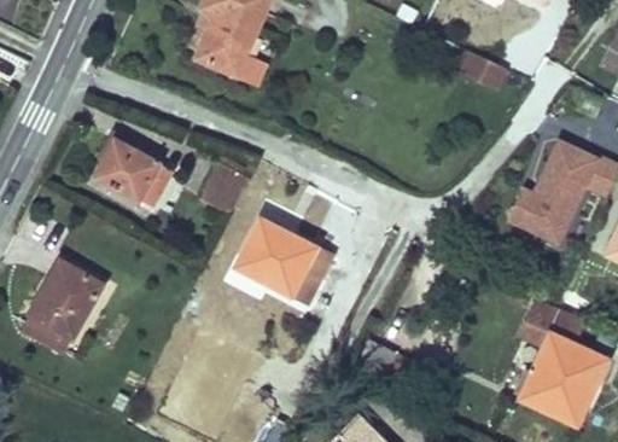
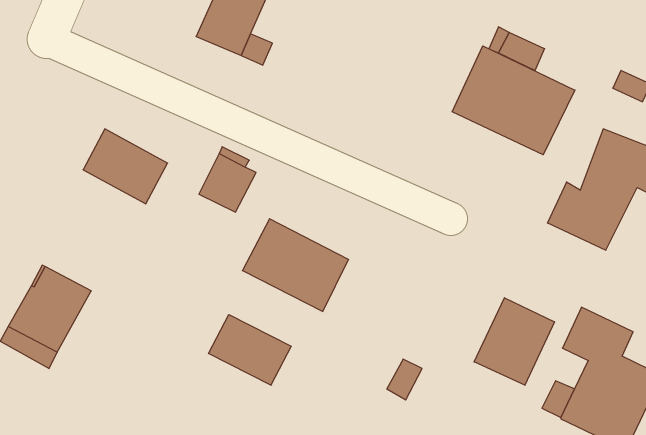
building: none -> [452,46,575,155]
building: none -> [474,298,554,385]
building: none -> [209,315,291,385]

